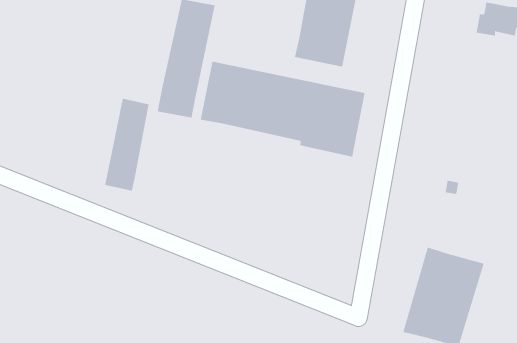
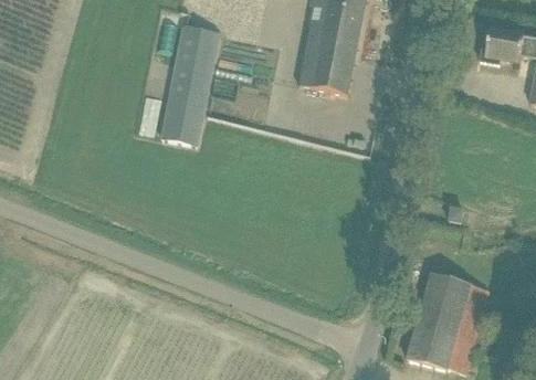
building: [200,61,365,157] -> none
building: [105,98,149,192] -> none

